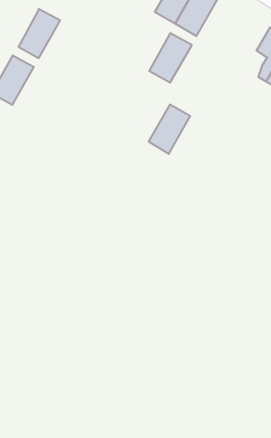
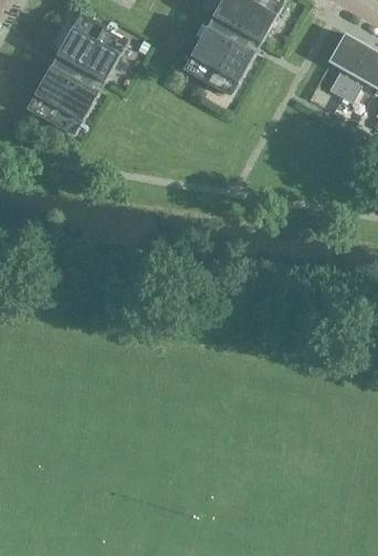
building: none -> [80,25,128,82]
building: none -> [50,78,97,136]
building: [149,105,190,154] -> [182,27,230,83]

